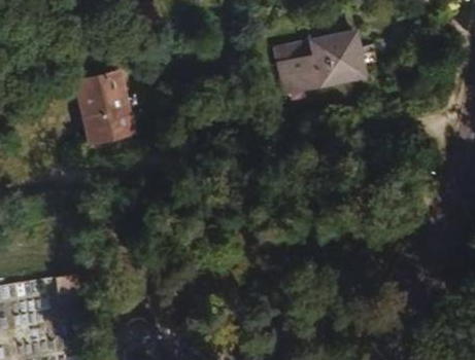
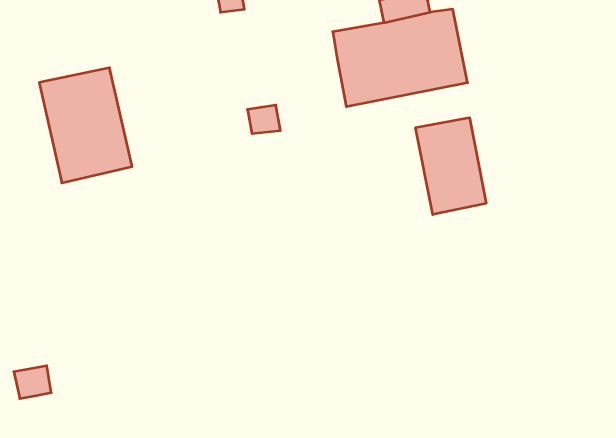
building: none -> [416,118,486,215]

